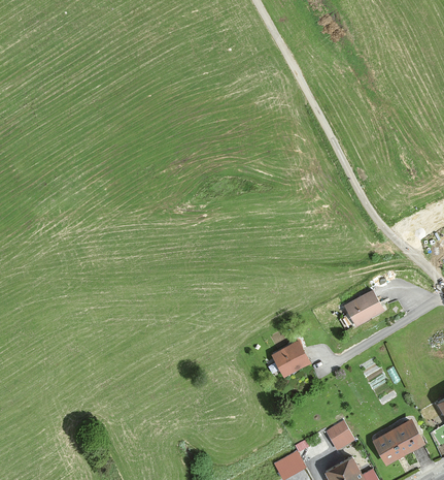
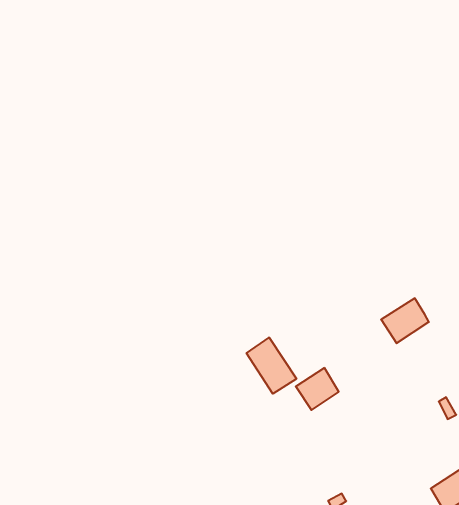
building: none -> [247,337,296,394]
building: [328,422,354,449] -> none

